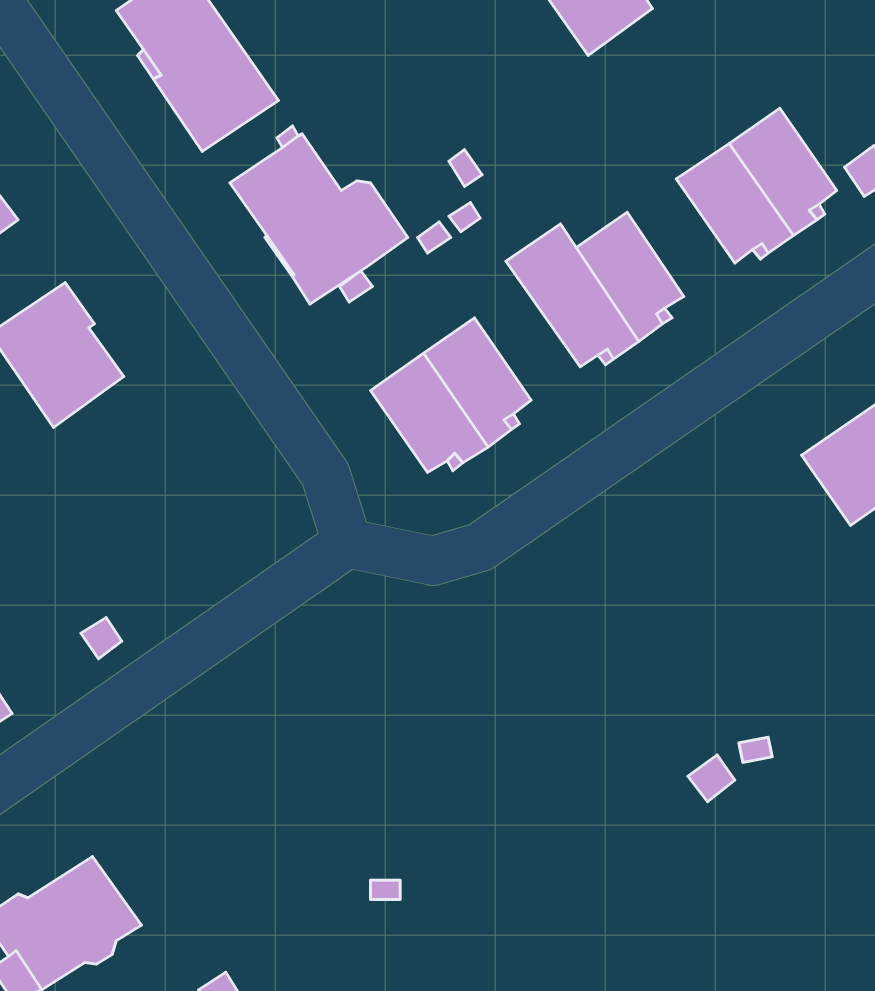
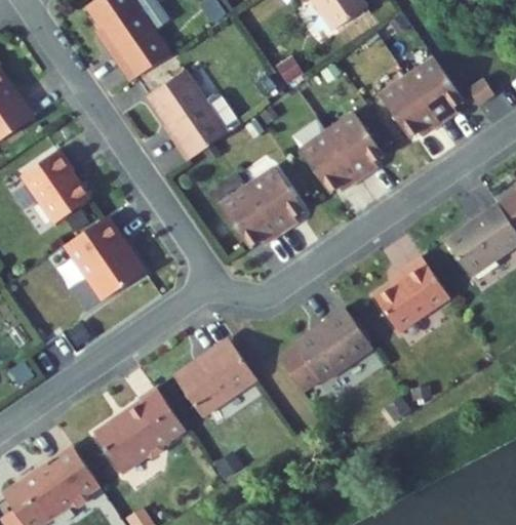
building: none -> [64,216,145,298]
building: none -> [374,255,449,331]
building: none -> [279,307,372,392]
building: none -> [173,337,257,417]
building: none -> [94,388,186,473]

